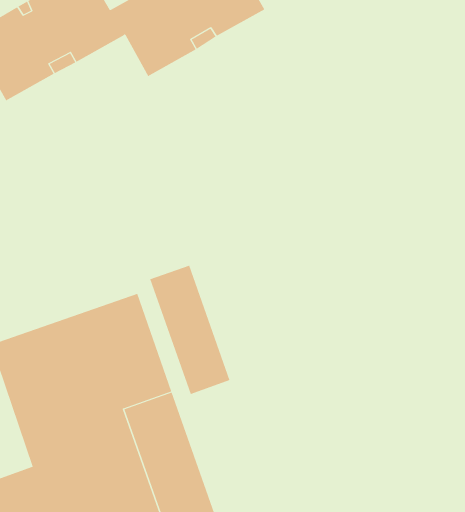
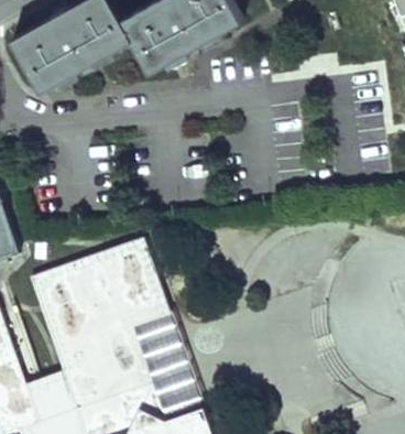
building: [150,265,230,395] -> none

